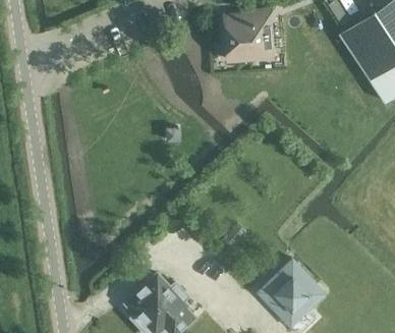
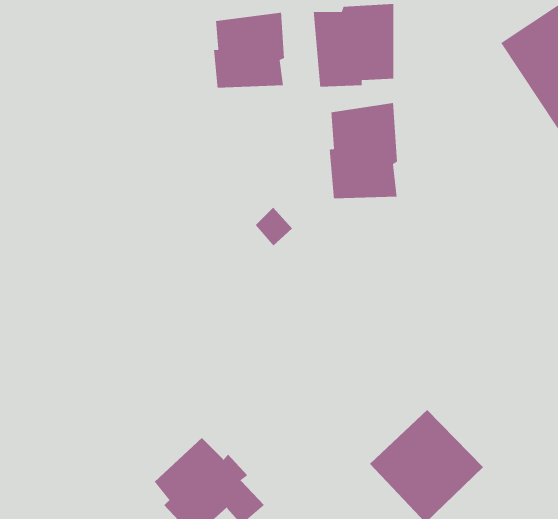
building: none -> [213,12,285,89]
building: none -> [329,102,398,199]

